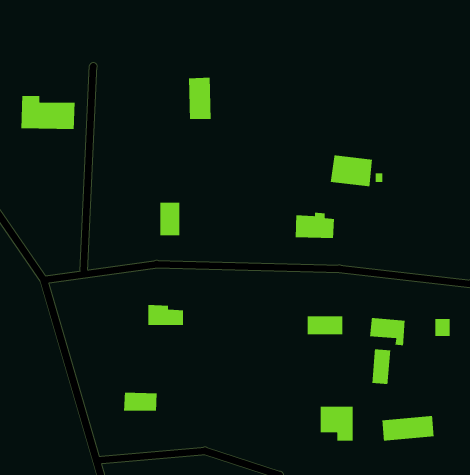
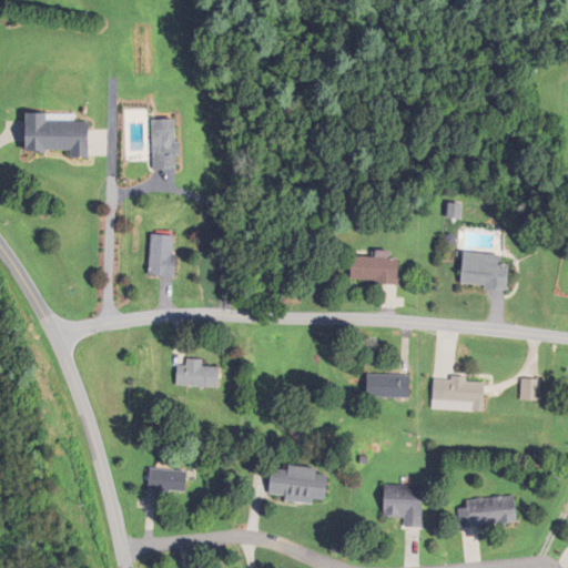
building: [188,77,211,120] -> [151,119,179,170]
building: [330,155,373,187] -> [458,252,509,291]
building: [160,202,180,236] -> [150,235,174,276]
building: [371,348,391,385] -> none
building: none -> [265,463,327,501]

